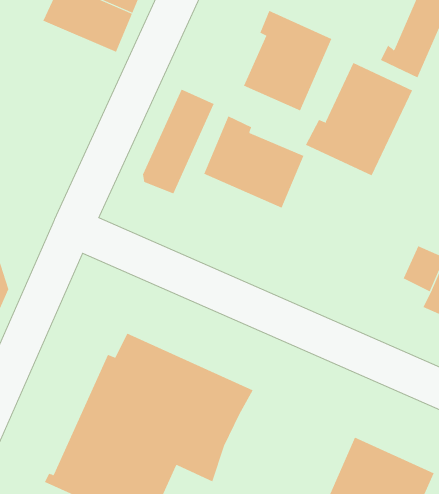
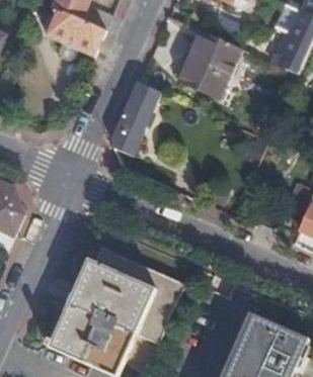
building: [305,62,413,176] -> none
building: [203,115,304,209] -> none

